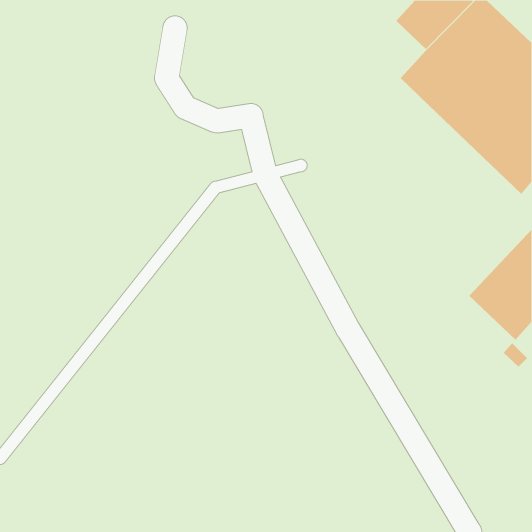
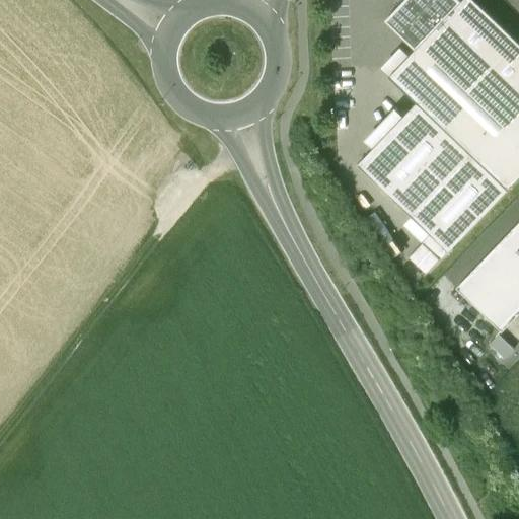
building: none -> [358,102,508,275]

